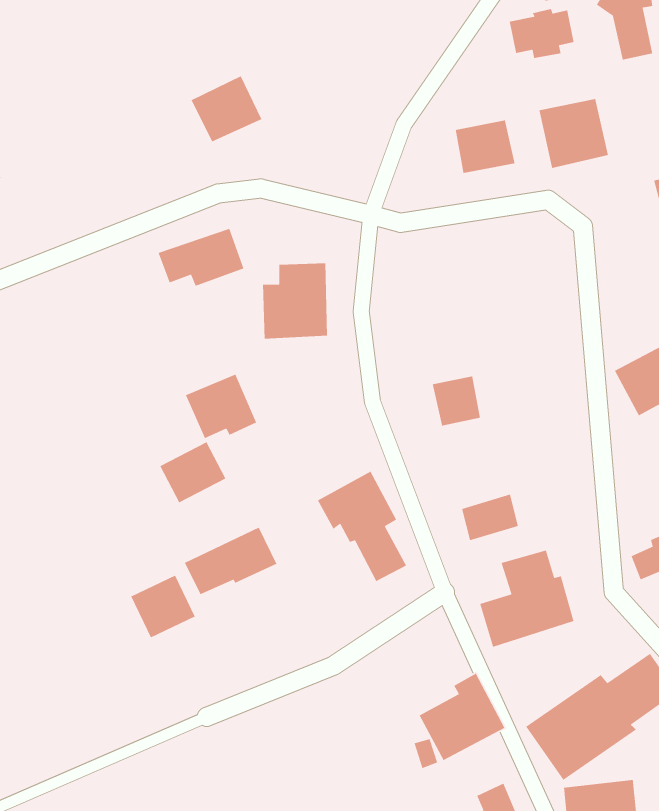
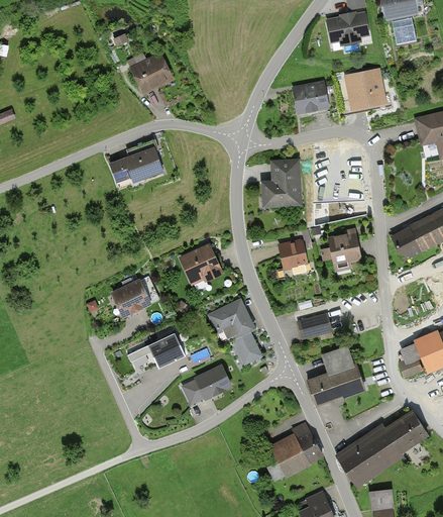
building: [262,262,328,340] -> [261,160,302,207]
building: none -> [321,227,362,277]
building: [185,374,257,439] -> [179,243,223,284]
building: [130,575,196,638] -> none
building: none -> [180,365,231,408]

